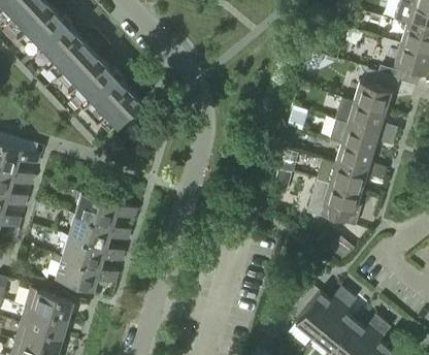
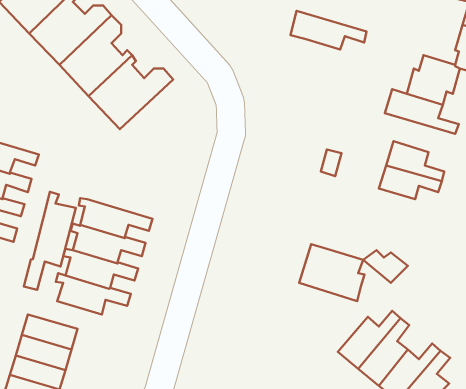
building: [330,119,395,152] -> [290,11,367,50]
building: [306,179,362,227] -> [299,244,364,301]
building: none -> [24,192,76,290]

